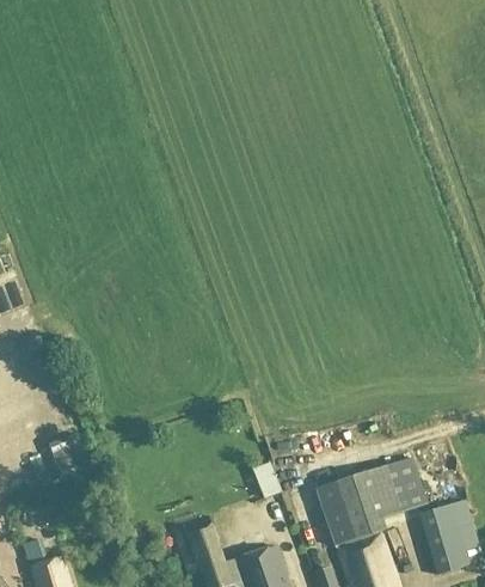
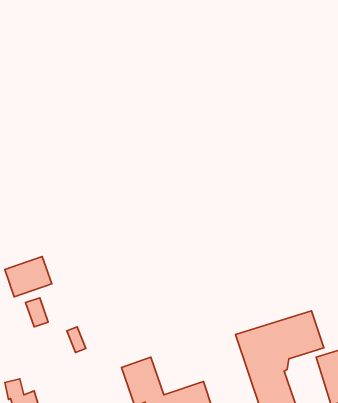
building: none -> [5,257,52,297]

